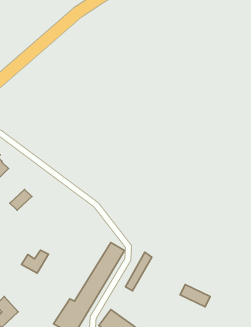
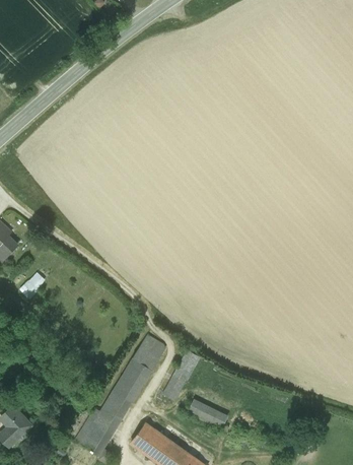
building: [21,250,49,273] -> none
building: [180,284,210,307] -> [189,399,226,427]

